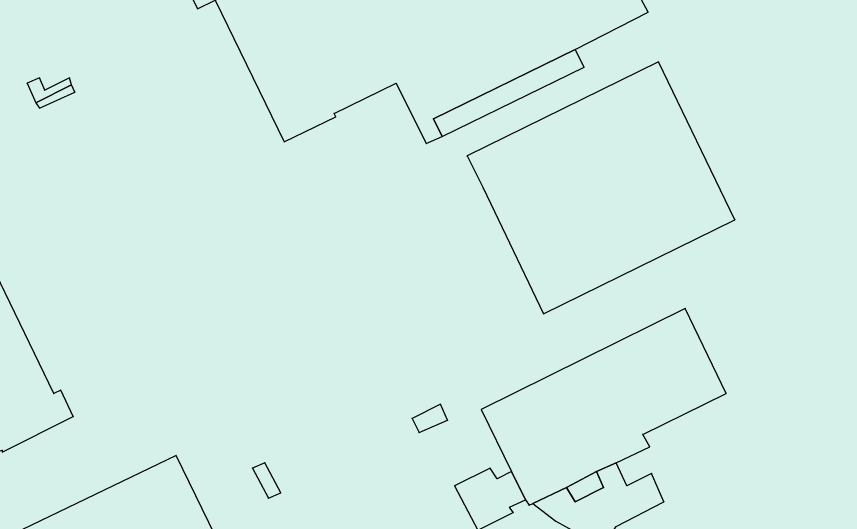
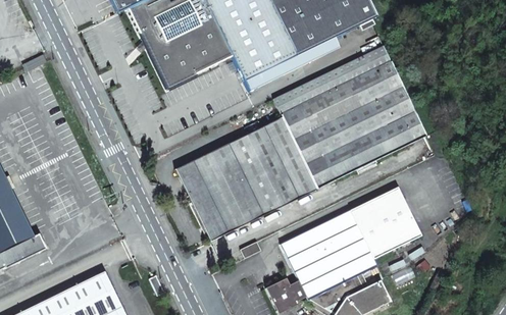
building: none -> [174,116,315,242]

